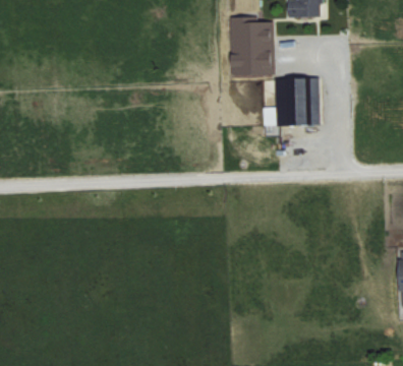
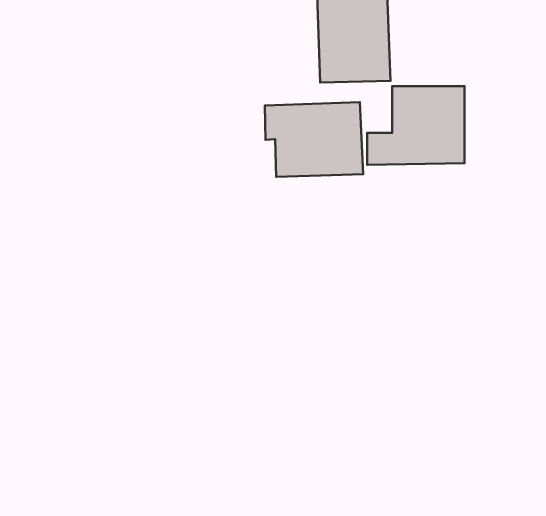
building: none -> [265,102,363,177]

